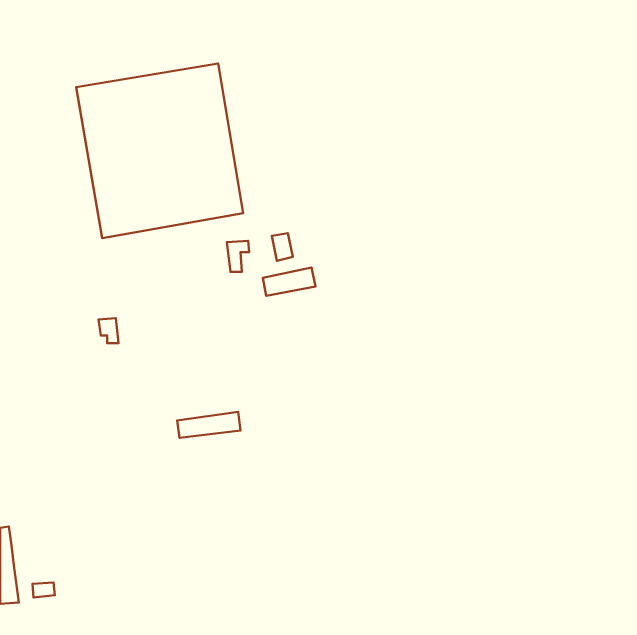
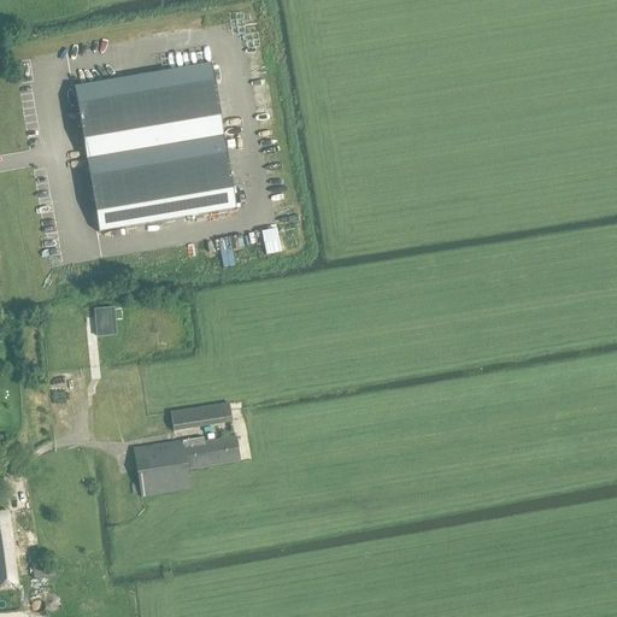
building: [263,268,315,296] -> none
building: none -> [134,434,240,495]

